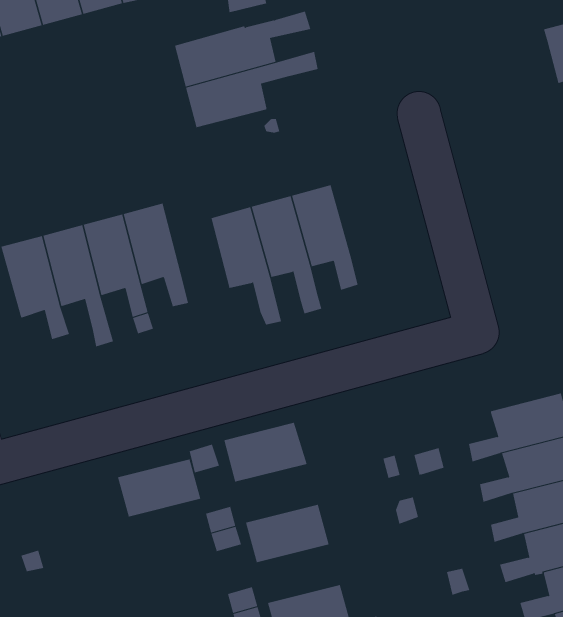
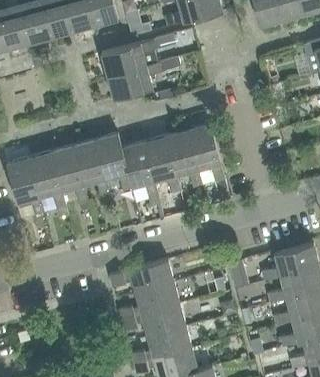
building: none -> [187,124,229,202]
building: none -> [95,134,131,191]
building: [117,459,201,517] -> [134,283,180,315]
building: none -> [146,327,192,359]

